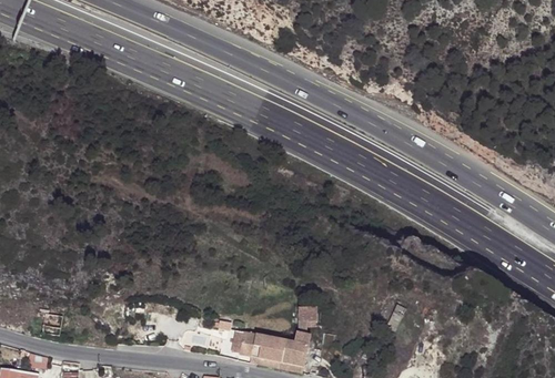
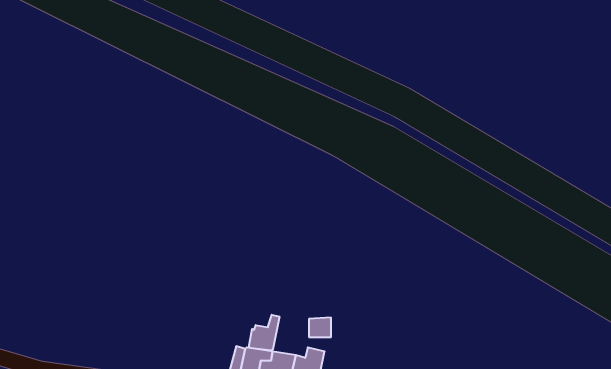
building: none -> [249,315,279,351]

